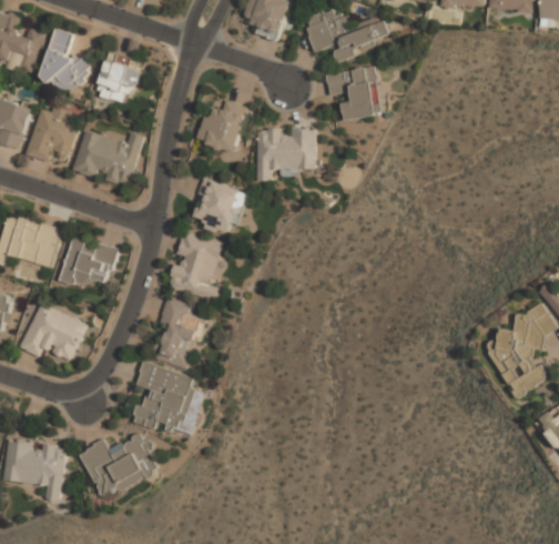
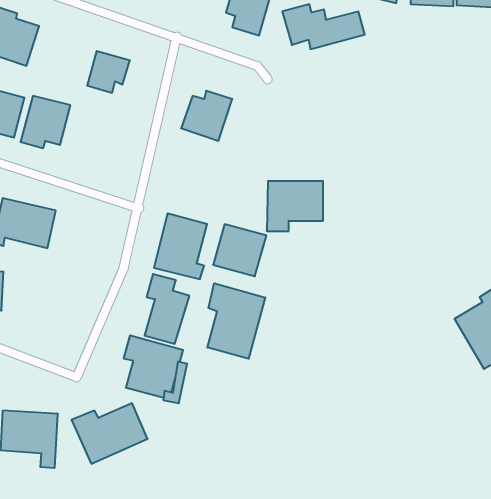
building: [39,29,88,92] -> none
building: [325,64,382,120] -> none
building: [255,127,315,180] -> [267,181,323,231]
building: [71,131,142,185] -> none
building: [189,178,245,233] -> [213,224,266,276]
building: [59,235,116,289] -> none
building: [19,302,87,361] -> none
building: none -> [207,283,265,359]

